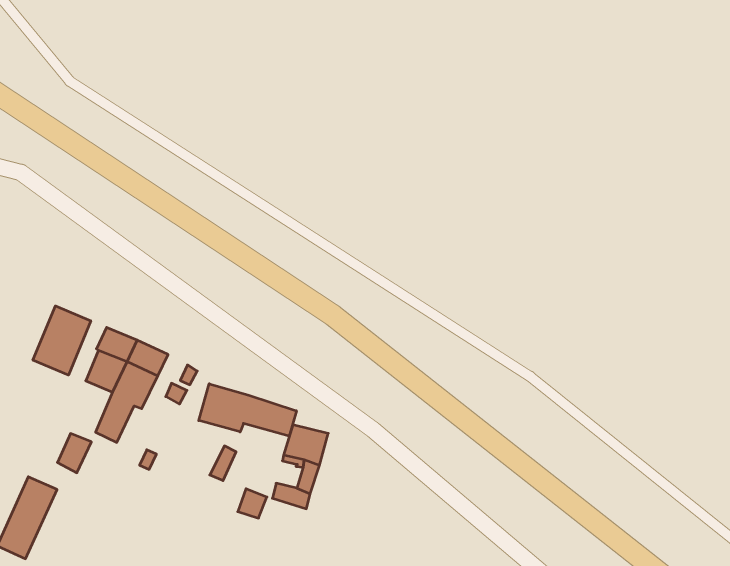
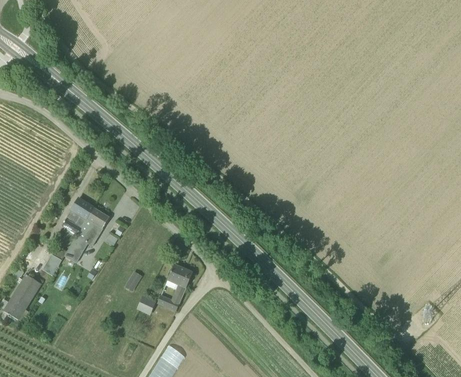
building: [33,306,91,375] -> none
building: [199,384,296,436] -> none

